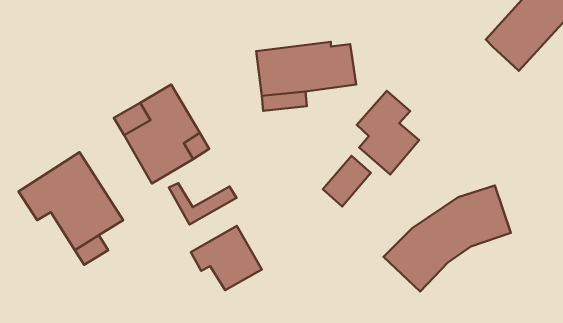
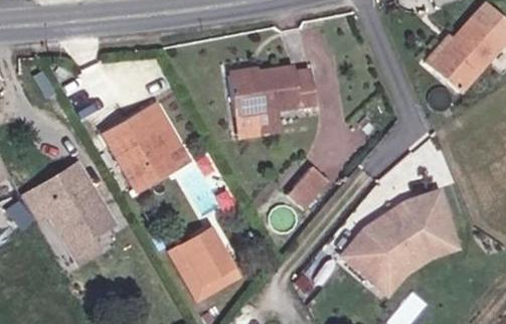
building: [357,91,419,174] -> none
building: [169,183,237,224] -> [181,263,240,299]
building: none -> [373,233,458,296]

